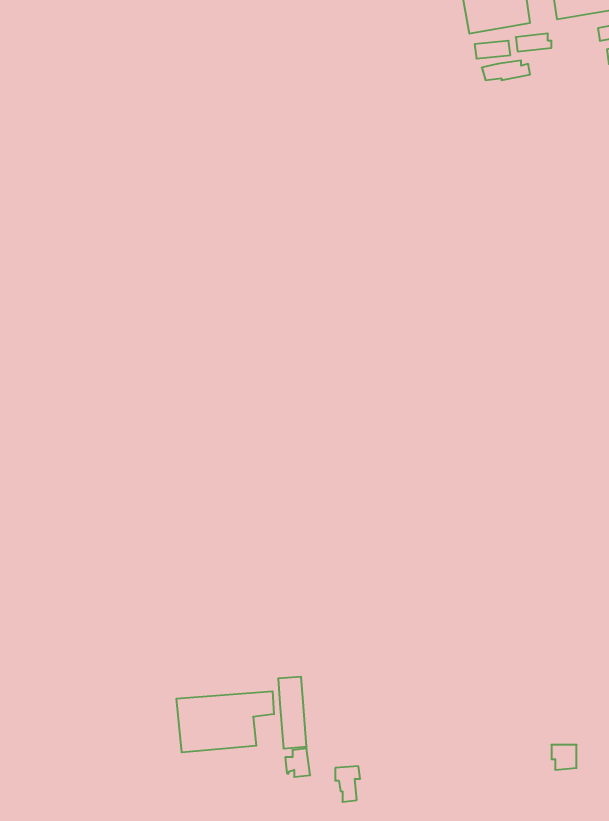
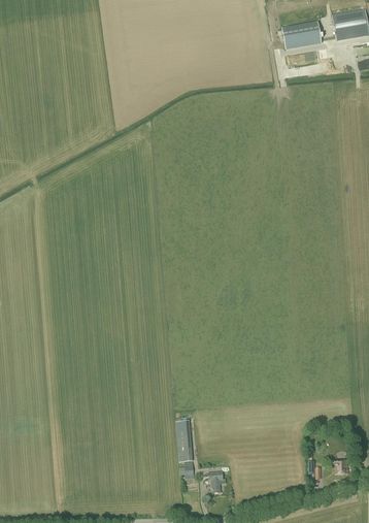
building: [177,691,274,752] -> none

